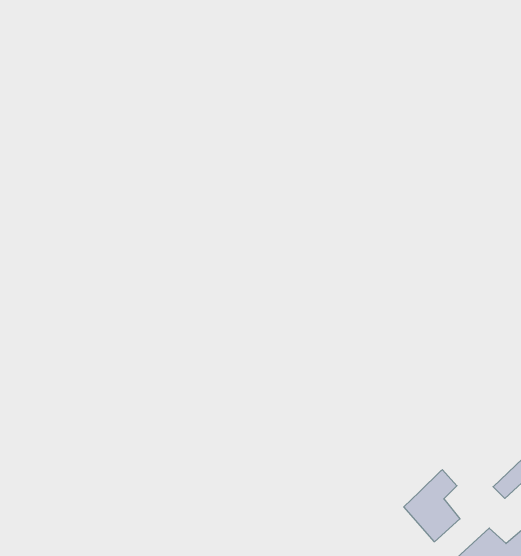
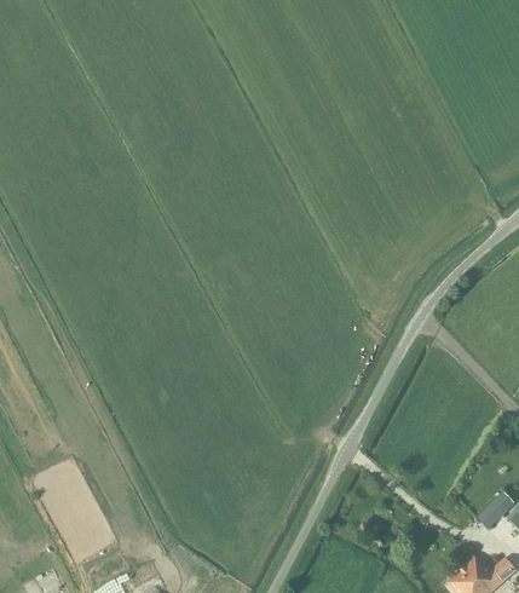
building: [404,470,460,542] -> none

